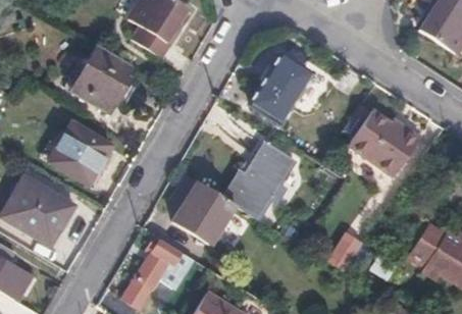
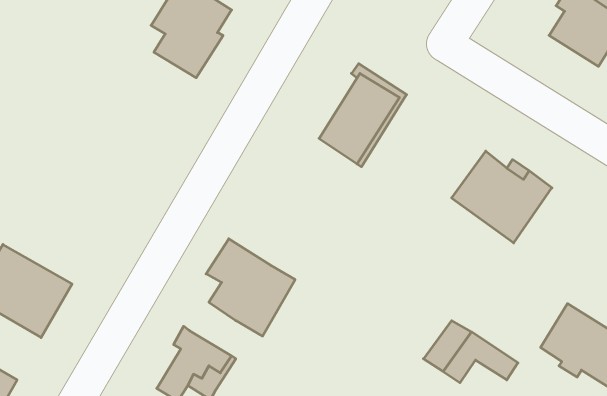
building: [71,45,132,113] -> none
building: [50,123,111,185] -> none
building: [224,142,293,217] -> none

